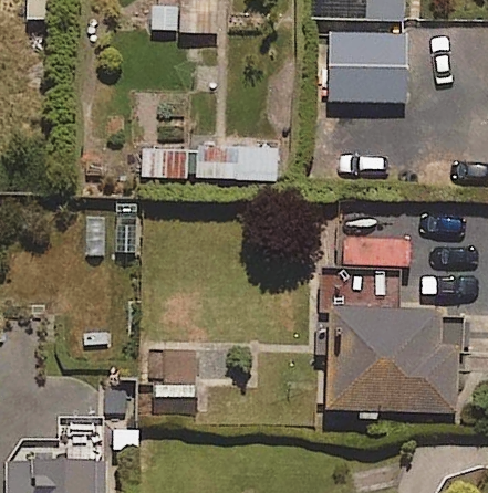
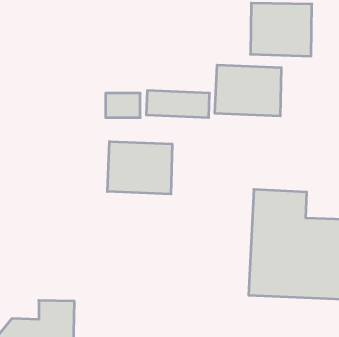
building: none -> [215,65,281,116]
building: none -> [107,141,172,194]

